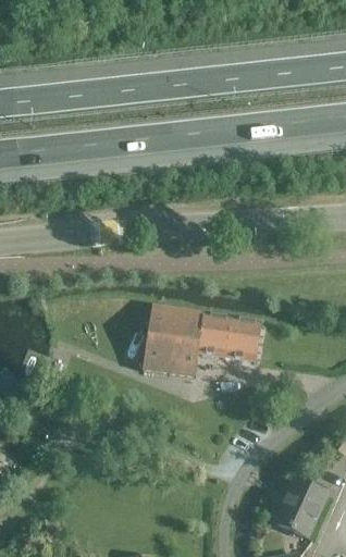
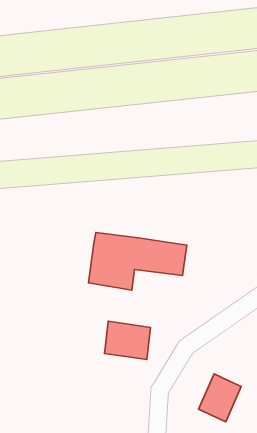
building: none -> [104,321,151,360]

